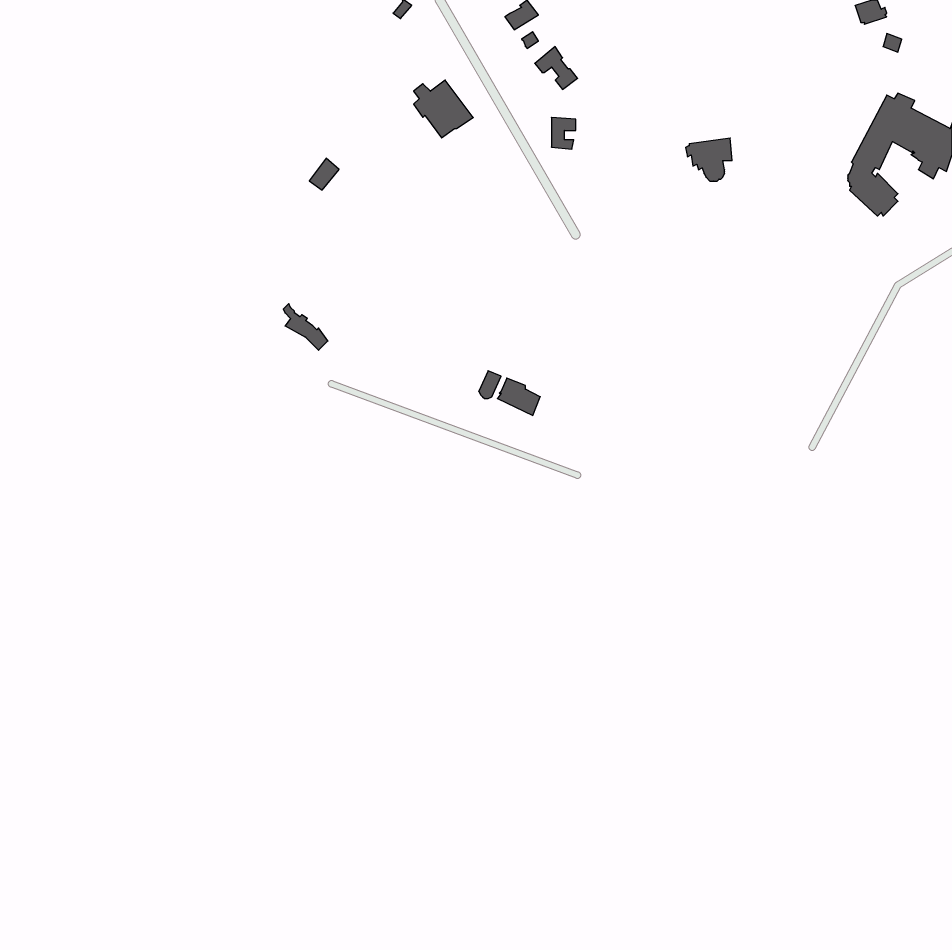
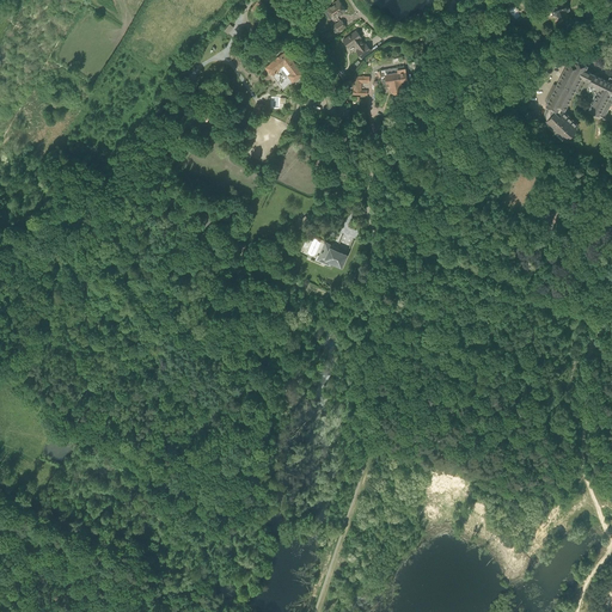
building: [686,138,732,181] -> [378,68,408,96]

